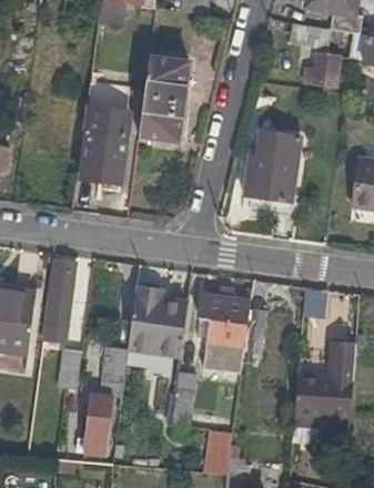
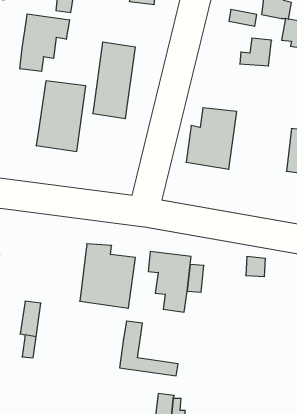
building: none -> [20,14,69,71]
building: [44,258,77,324] -> none
building: [295,343,353,416] -> none
building: [82,346,124,451] -> none

